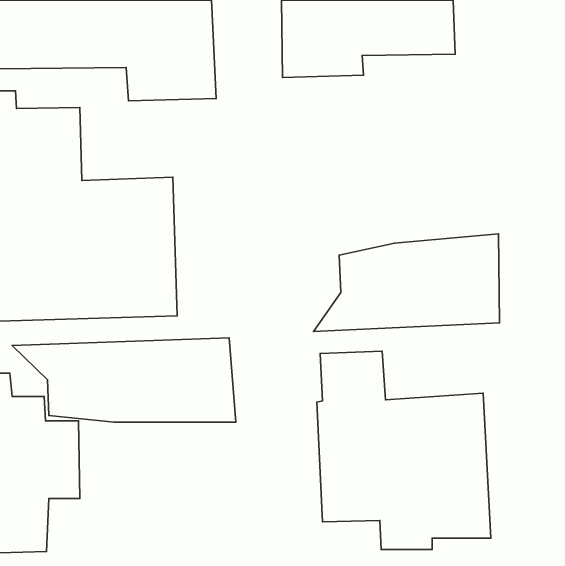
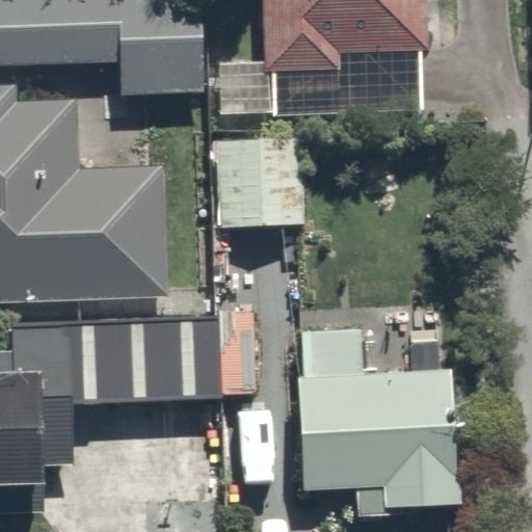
building: none -> [218,134,300,227]
building: [313,234,499,331] -> none

